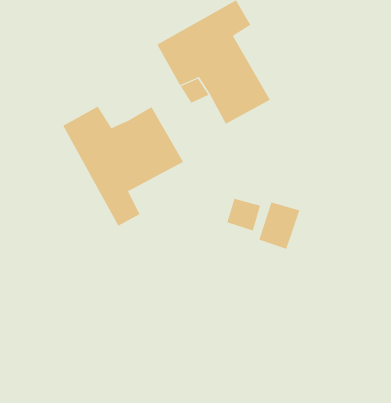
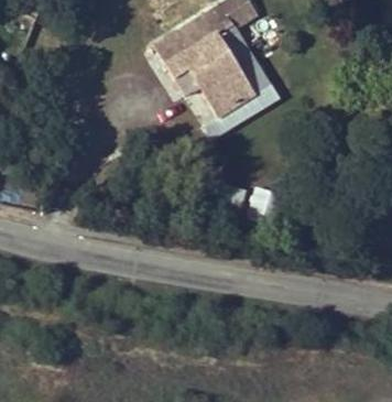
building: [63,106,184,226] -> none

